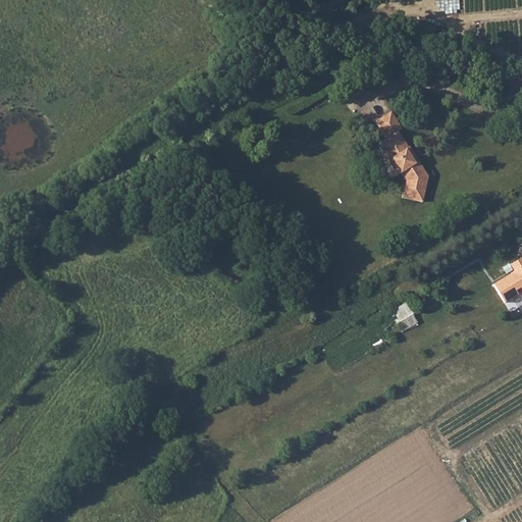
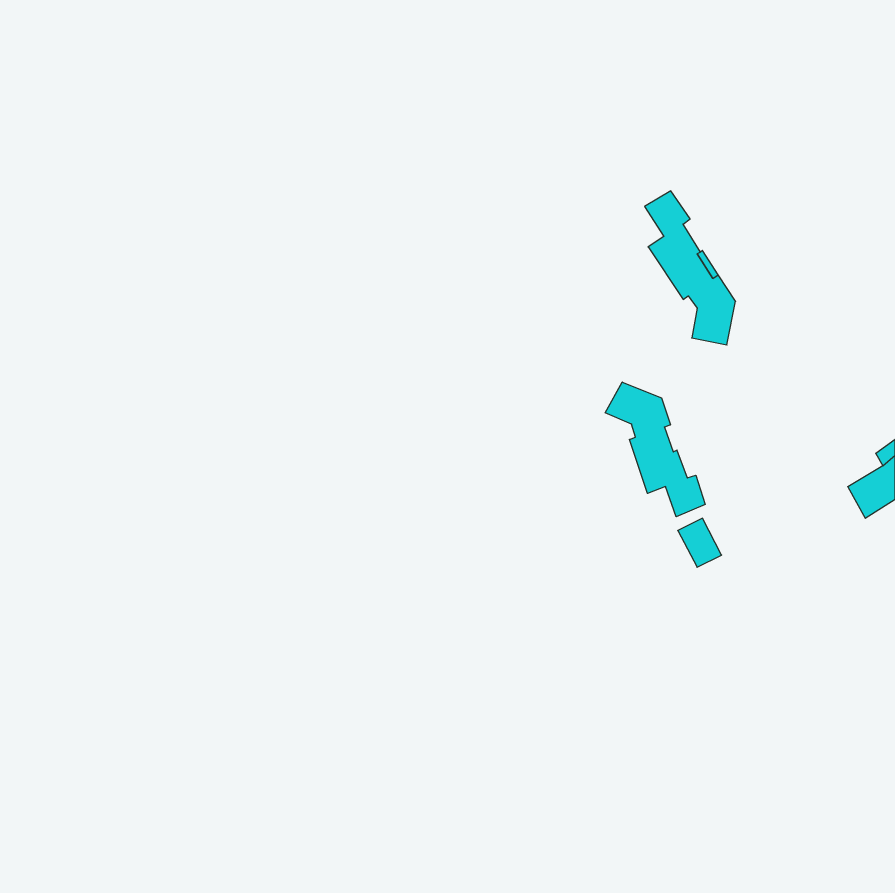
building: none -> [605,382,705,517]

